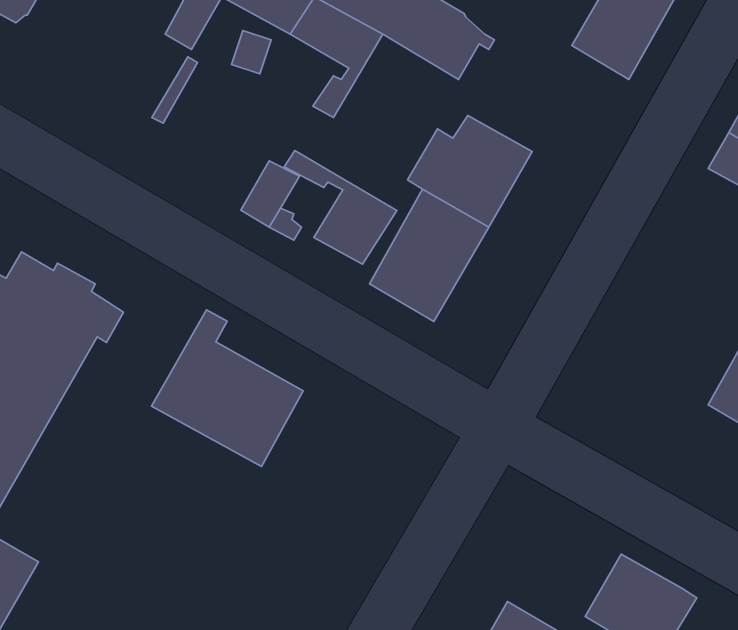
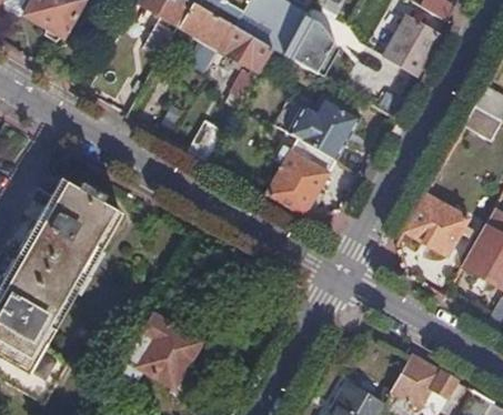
building: [284,150,397,264] -> none
building: none -> [403,193,472,256]
building: [152,310,303,467] -> [127,301,215,393]

